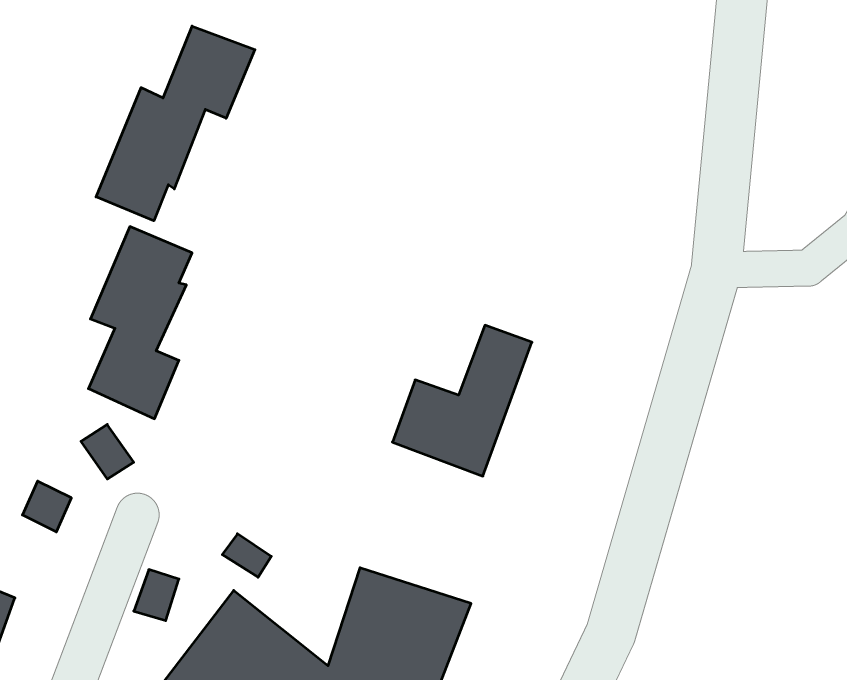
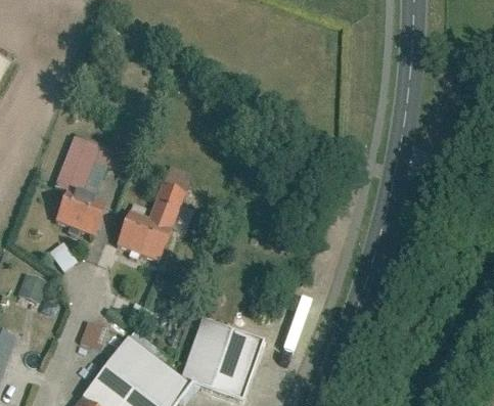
building: [96,26,255,221] -> none
building: [392,325,532,476] -> [110,180,186,262]

